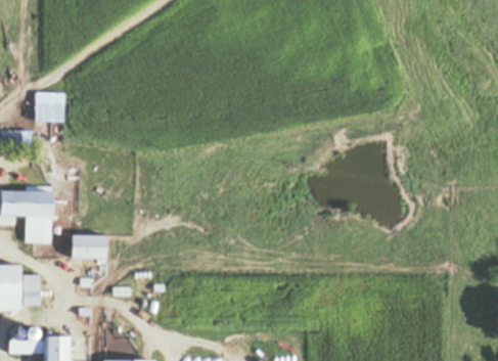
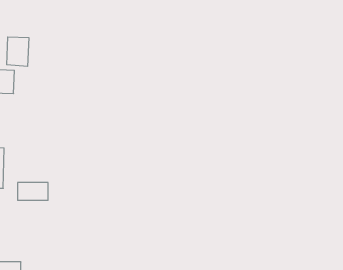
building: none -> [7,37,29,66]

